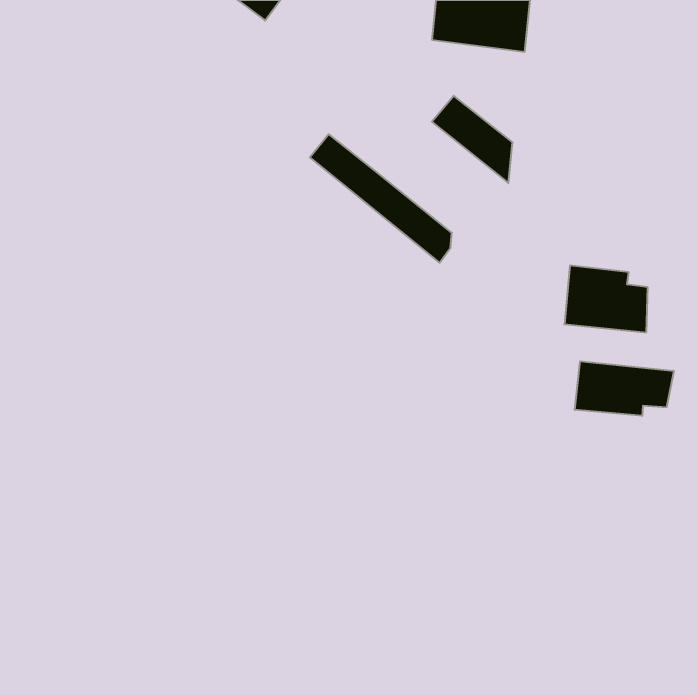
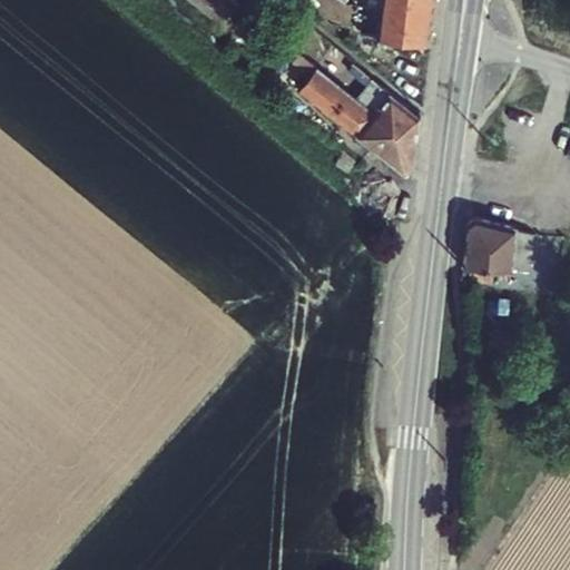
building: [310,134,452,263] -> [298,72,414,177]
building: [575,361,674,416] -> none

